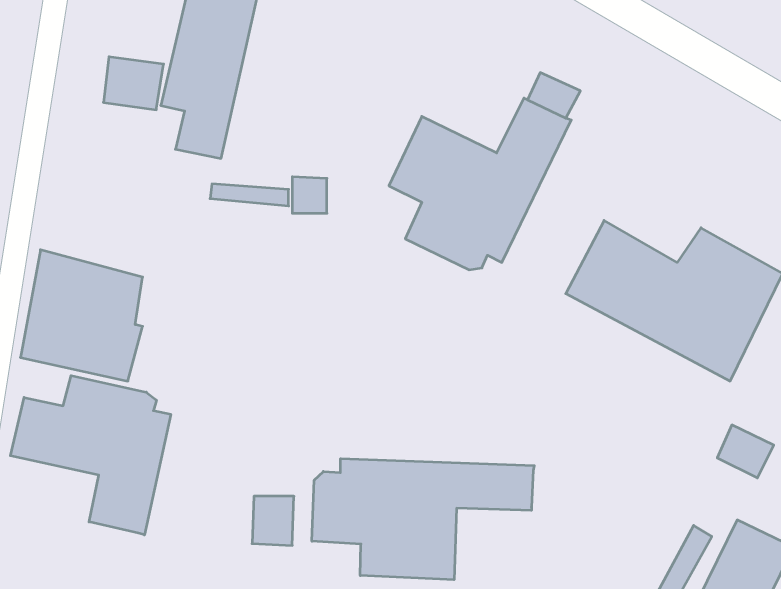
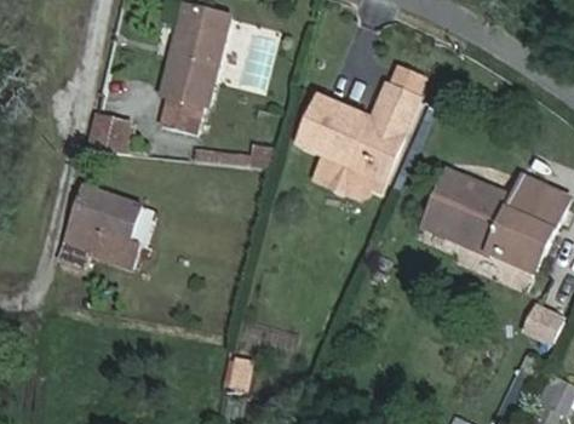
building: [103,57,164,110] -> [92,118,132,153]
building: [10,376,171,535] -> none
building: [312,459,534,580] -> none

